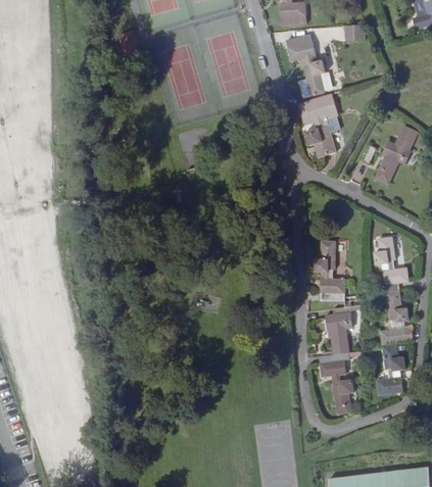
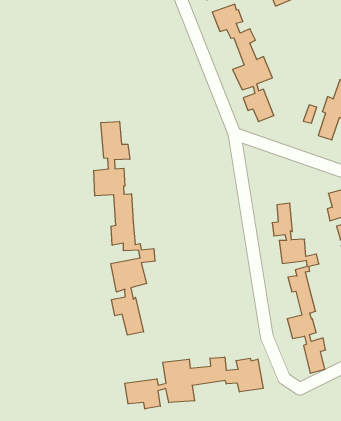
building: none -> [94,121,155,335]
building: none -> [125,357,263,409]

